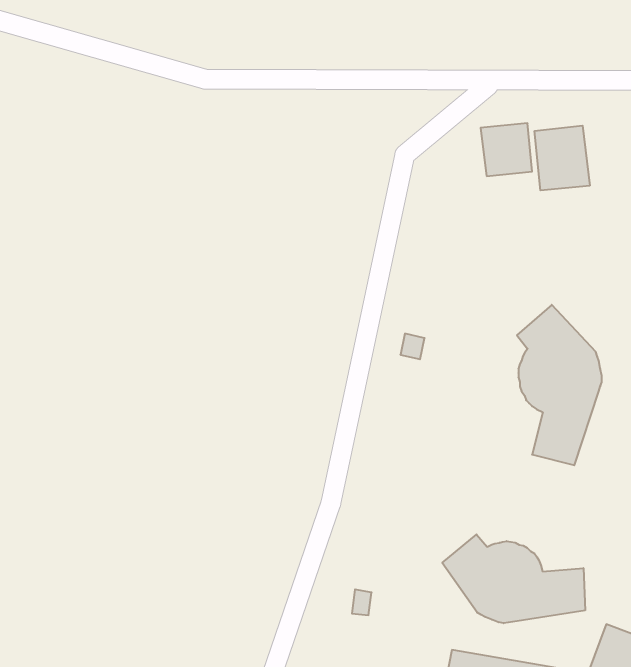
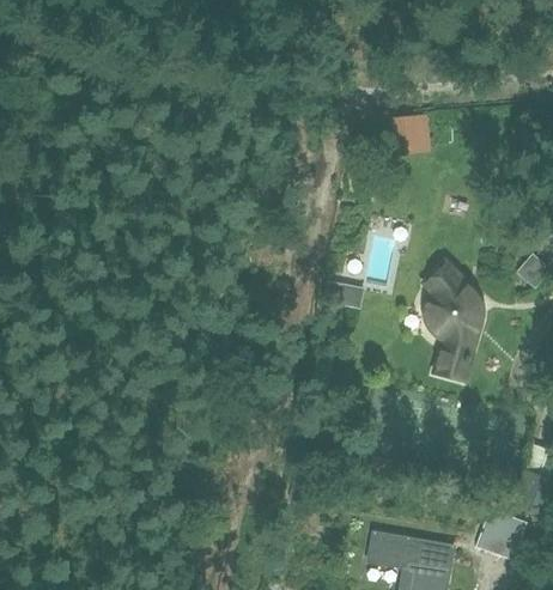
building: [535,126,590,190] -> none
building: [442,534,585,623] -> none

